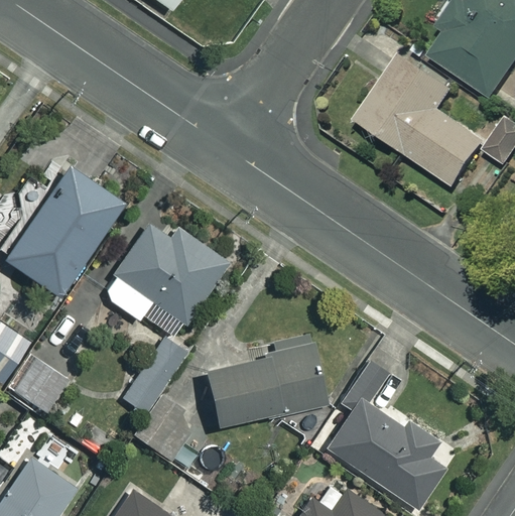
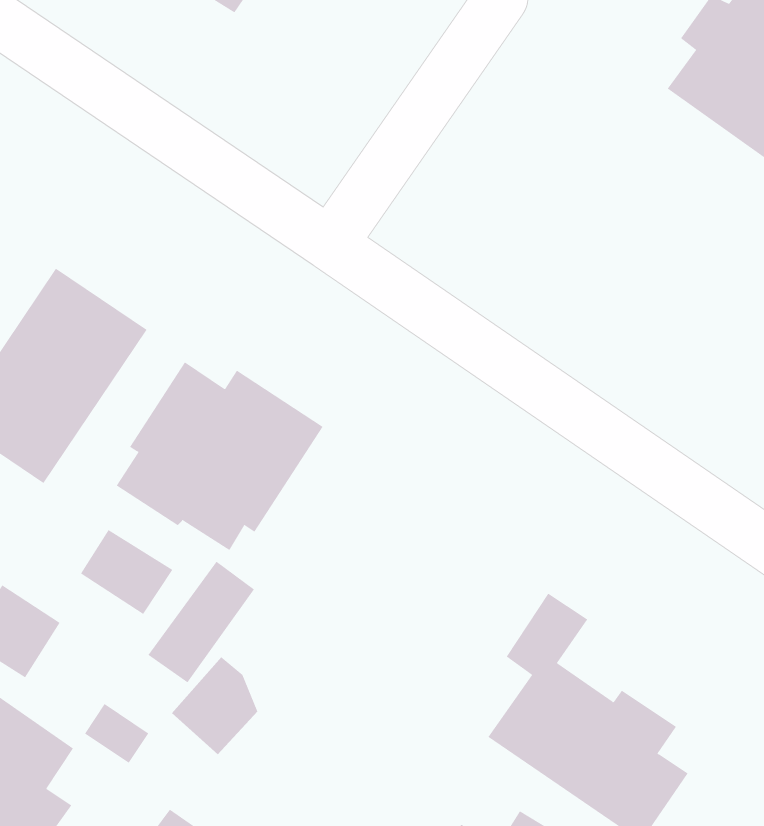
building: [362,60,488,189] -> none
building: none -> [80,529,173,615]
building: [203,342,325,425] -> none

